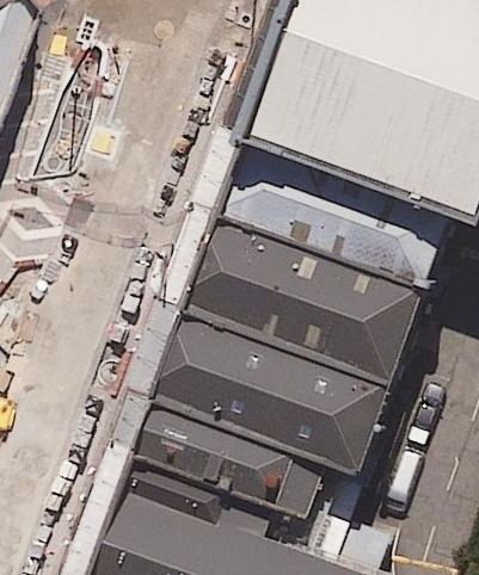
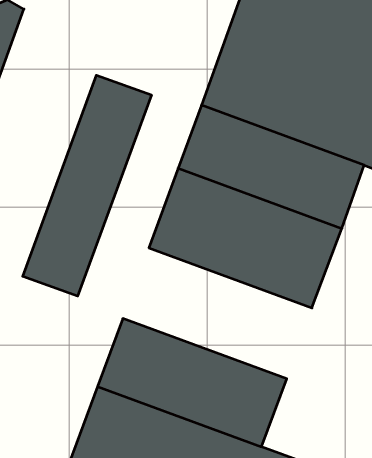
building: none -> [23,75,151,296]
building: [153,311,386,472] -> none

